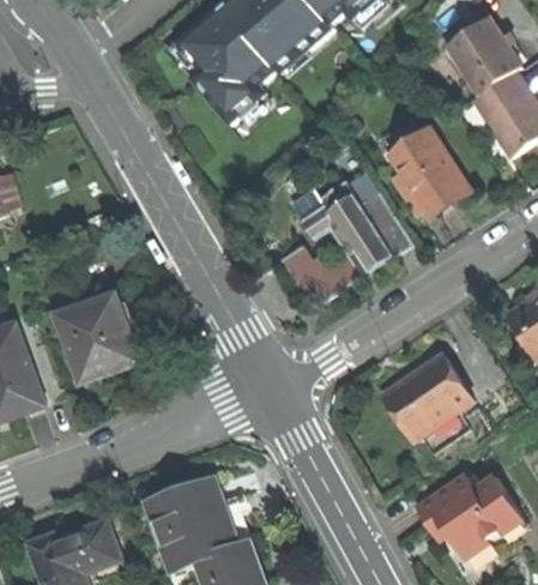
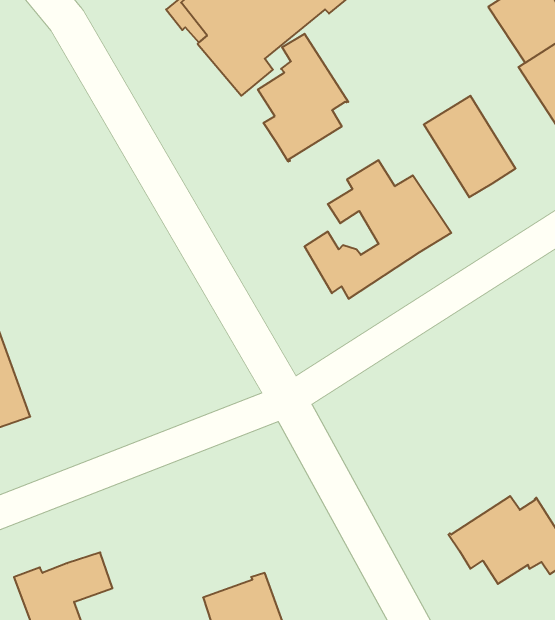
building: none -> [258,34,348,162]
building: [60,296,140,382] -> none
building: [394,349,483,432] -> none
building: [145,478,238,572] -> none

